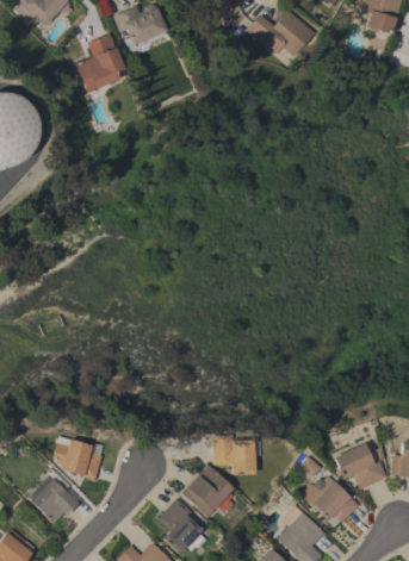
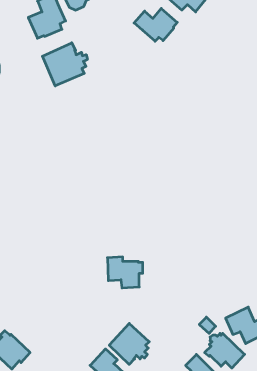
building: none -> [134,8,177,41]
building: none -> [42,43,87,86]
building: [213,434,260,474] -> [107,257,143,288]
building: [52,438,103,479] -> none

